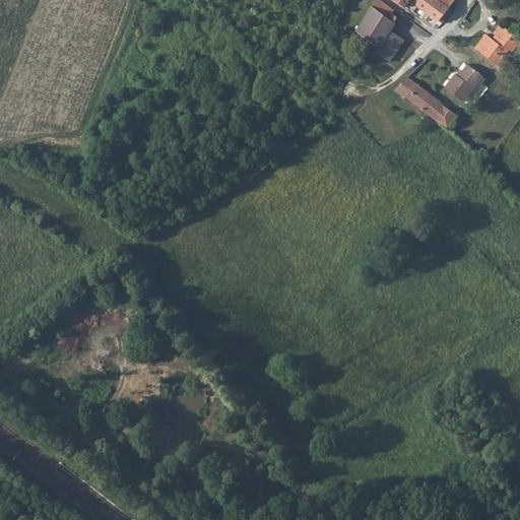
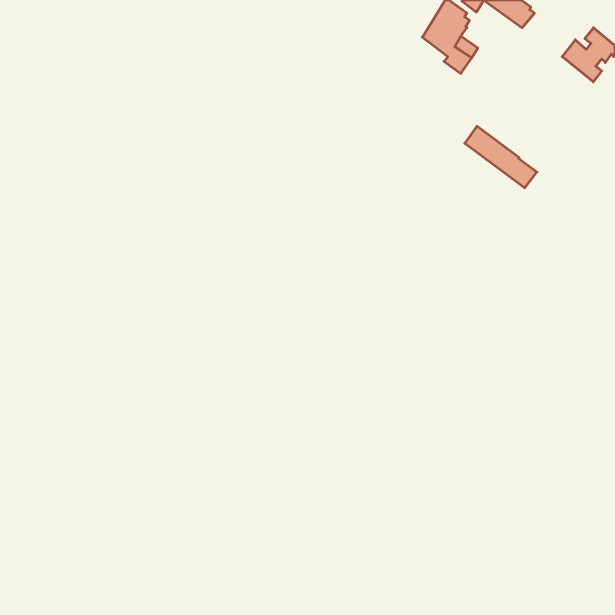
building: [446,63,483,101] -> none
building: [396,76,457,128] -> [465,126,537,188]

